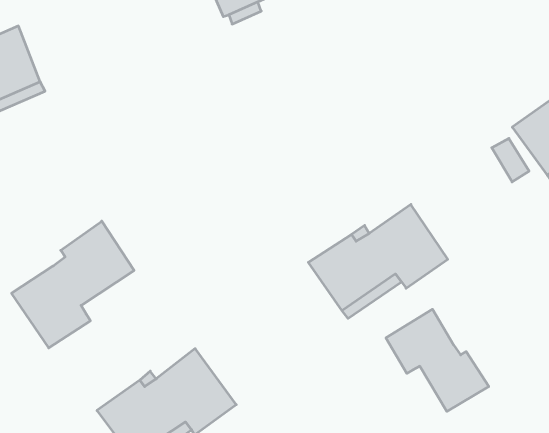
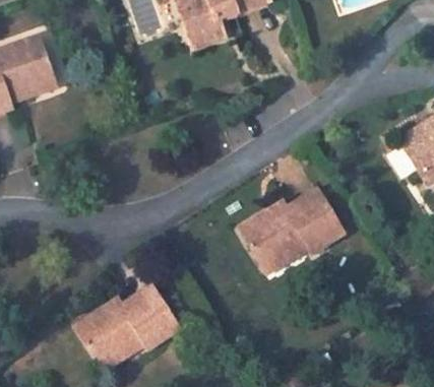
building: [12,221,134,348] -> none
building: [386,309,489,411] -> none

